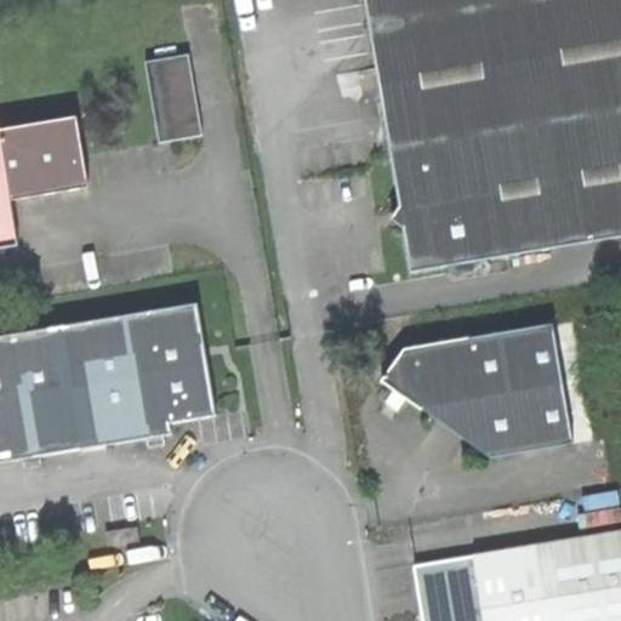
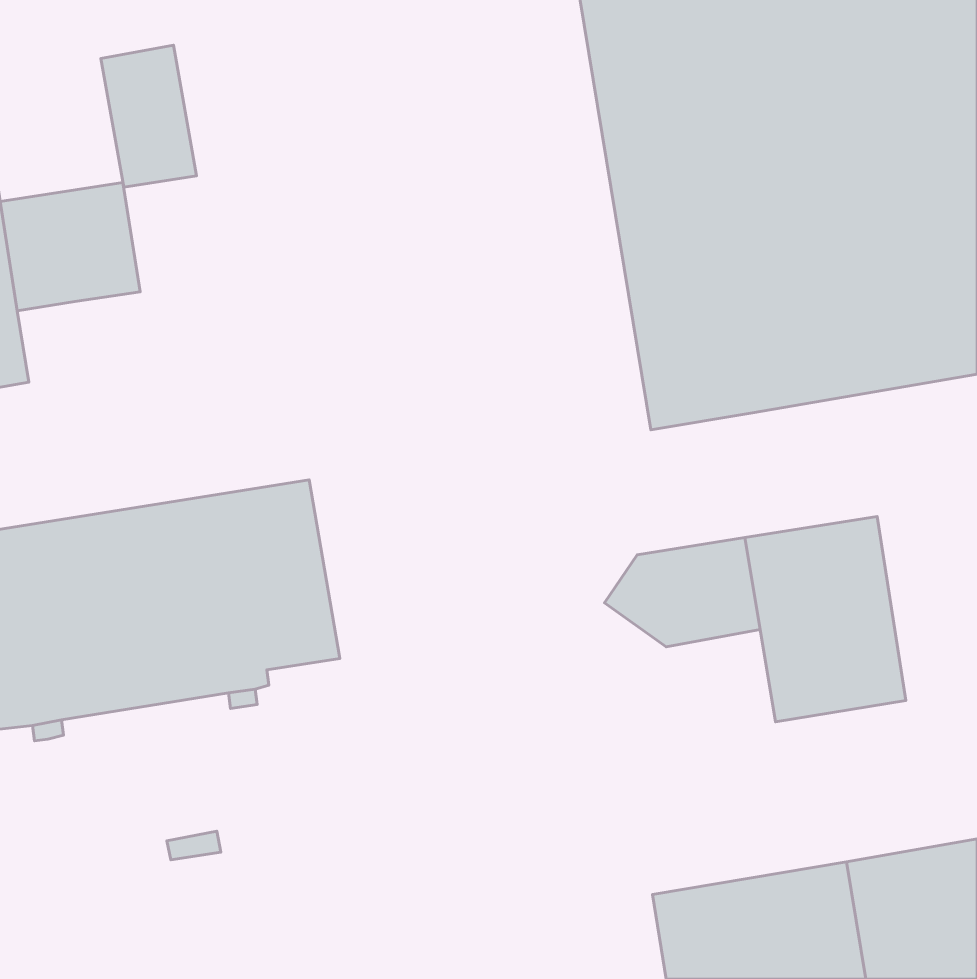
building: [144,52,205,142] -> [101,45,197,187]
building: [421,398,490,456] -> none

